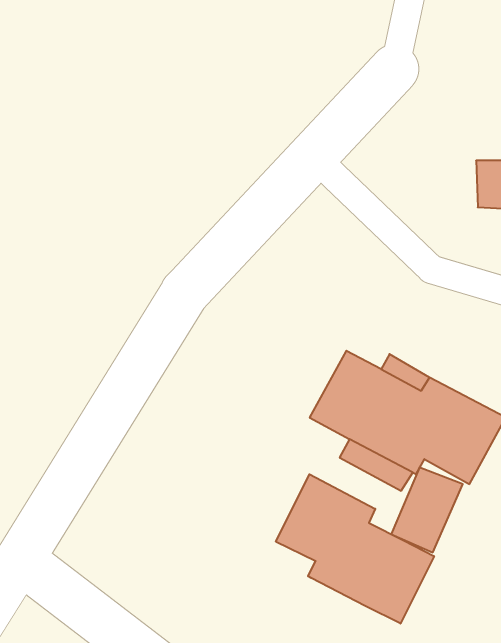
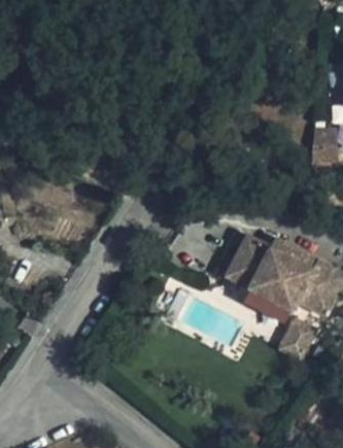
building: [276,474,434,624] -> none

